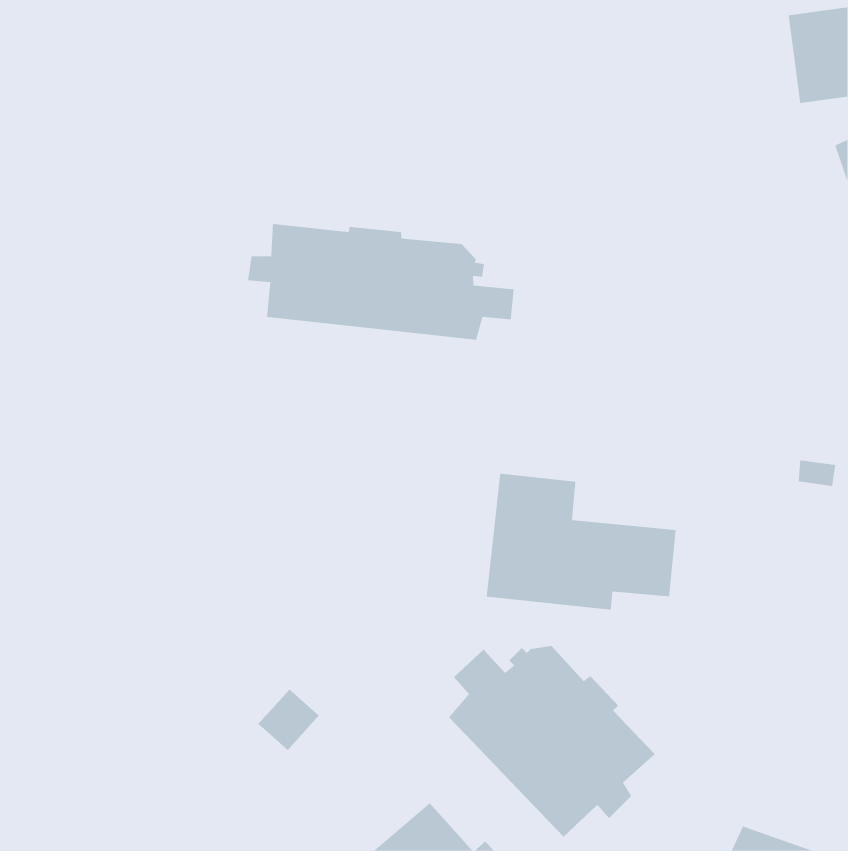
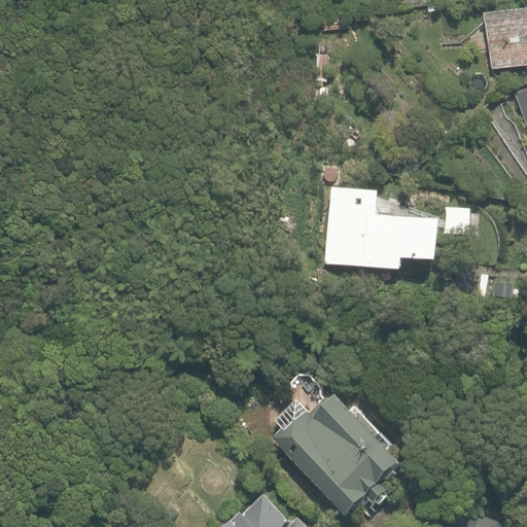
building: [247,223,514,340] -> none
building: [486,473,677,610] -> [323,188,441,273]

